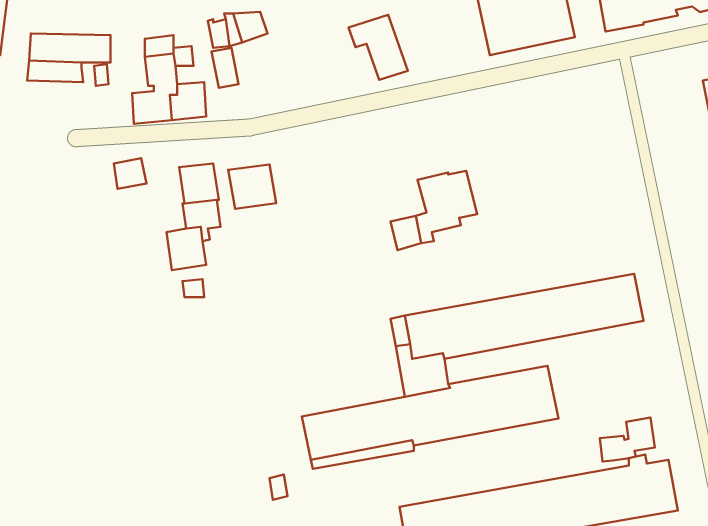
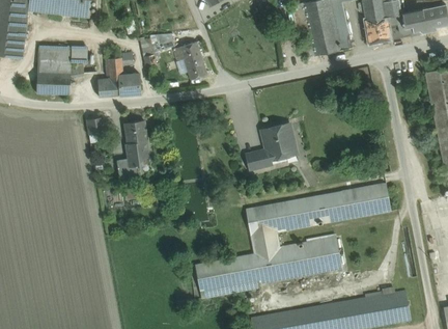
building: [348,15,408,80] -> [173,42,207,79]
building: none -> [36,73,71,94]
building: [228,164,276,209] -> none
building: [600,417,655,461] -> none

